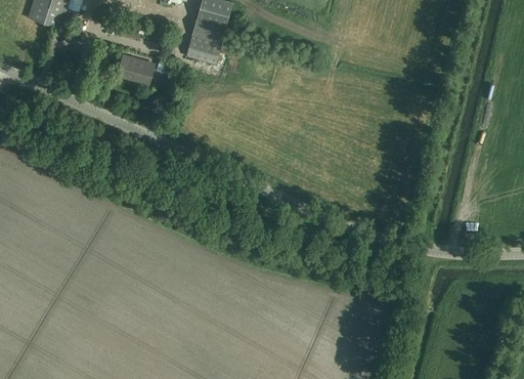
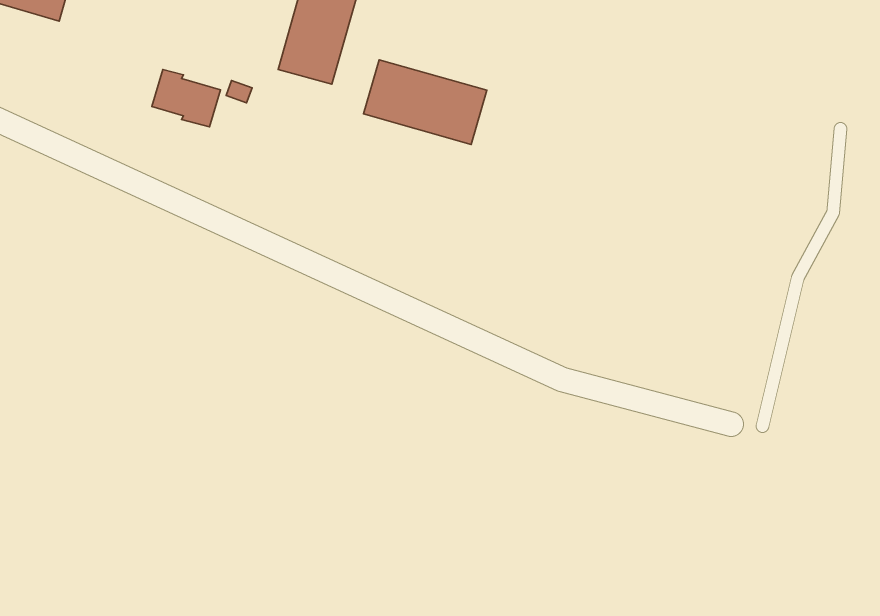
building: none -> [363,60,487,144]

